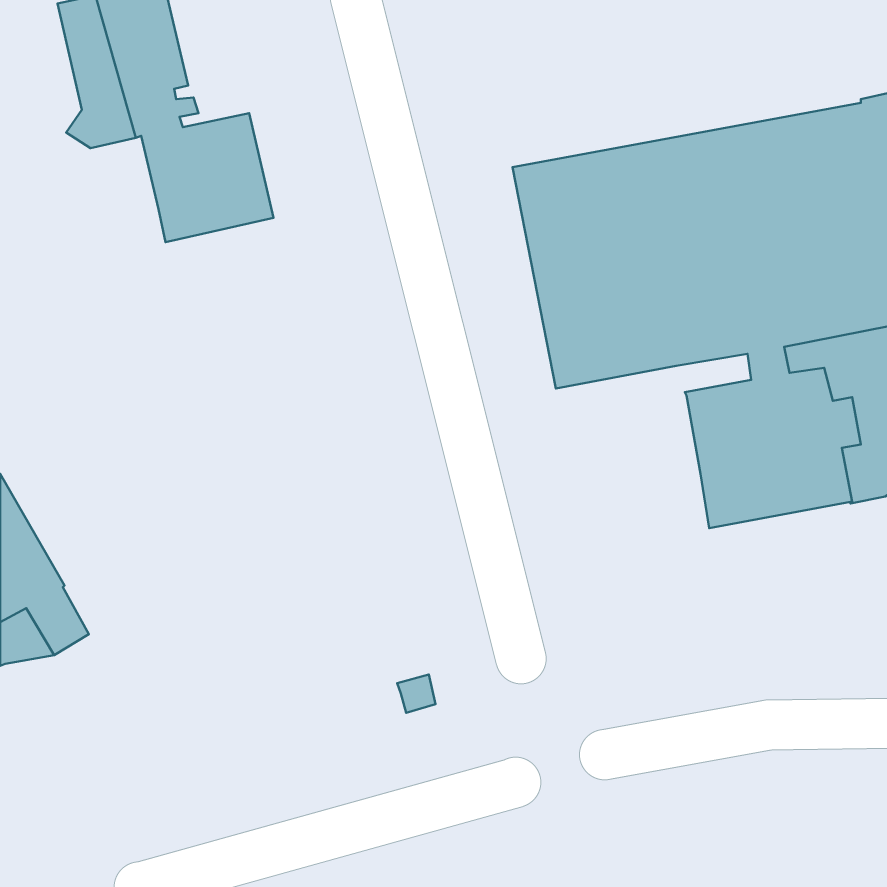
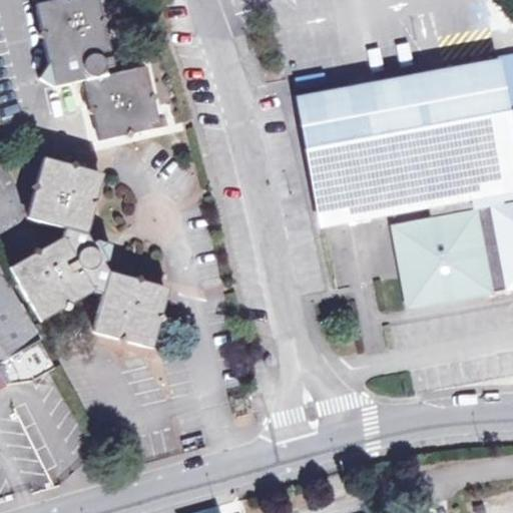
building: none -> [8,156,168,346]

